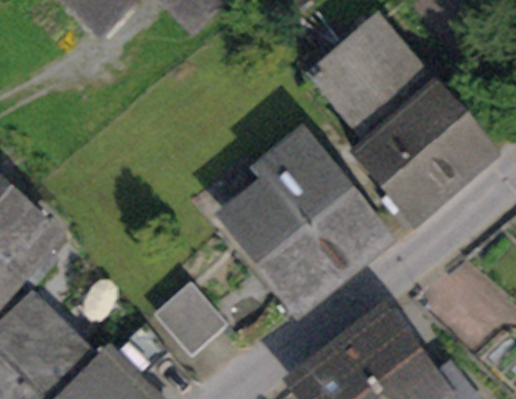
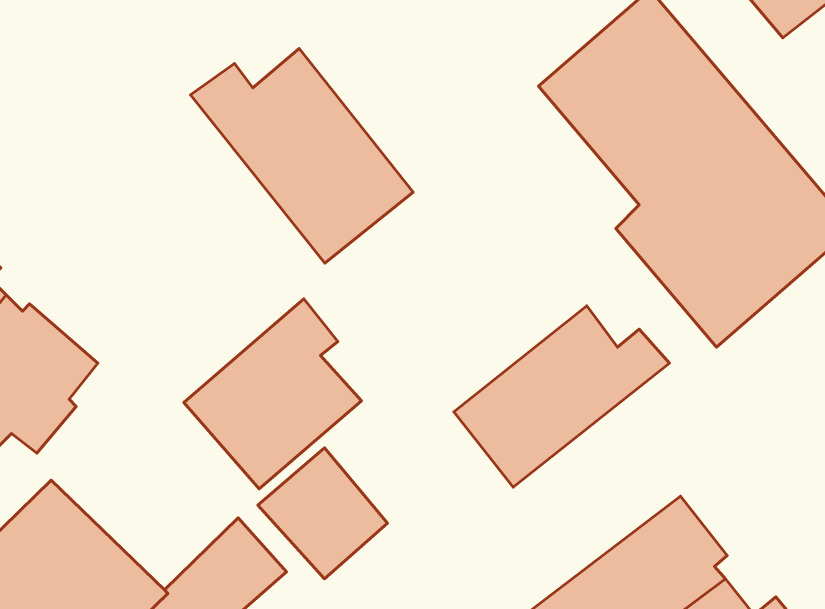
building: none -> [191,48,413,263]
building: [227,139,337,255] -> none
building: none -> [184,299,362,489]

